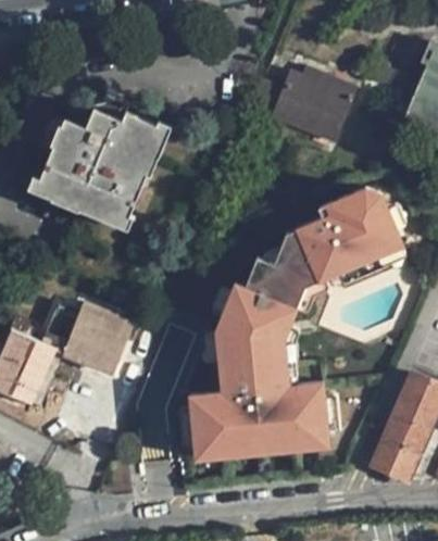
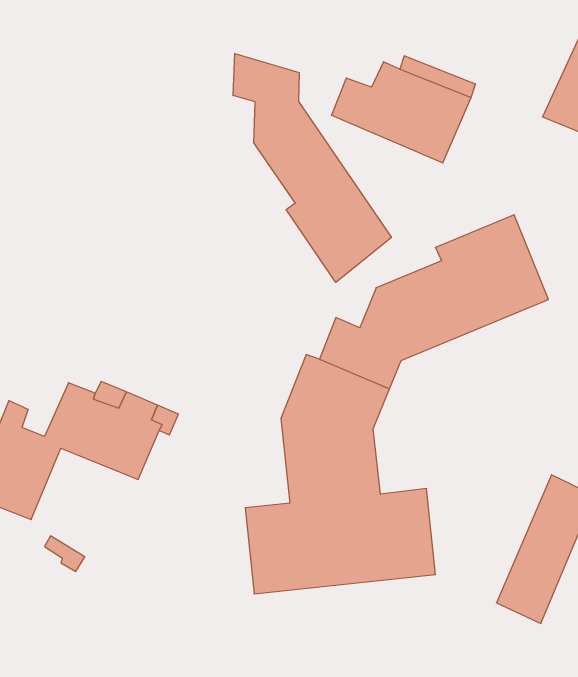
building: none -> [233,54,391,282]
building: [38,111,155,218] -> none

